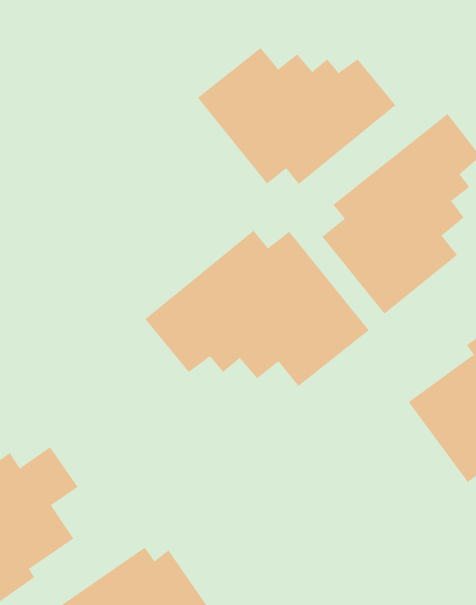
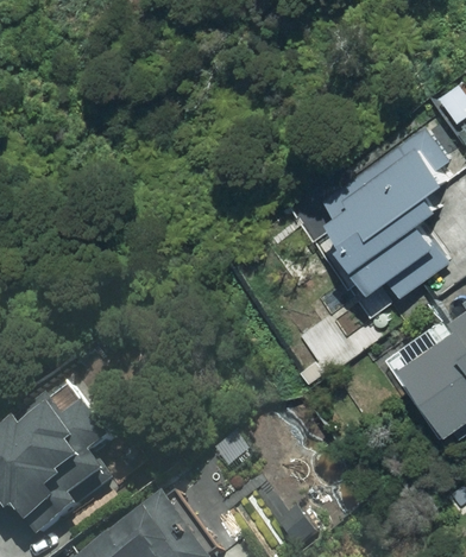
building: [197,47,396,185] -> none
building: [144,230,370,387] -> none

